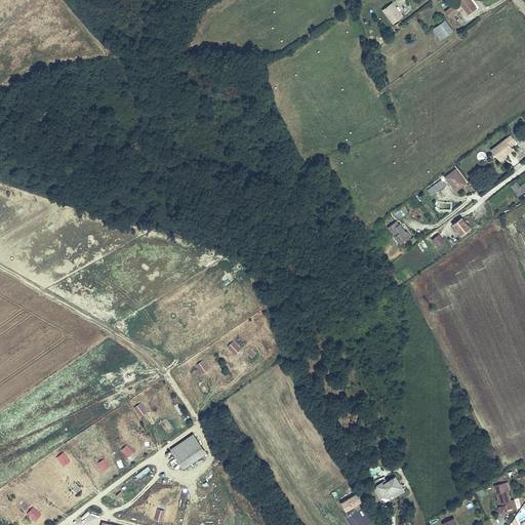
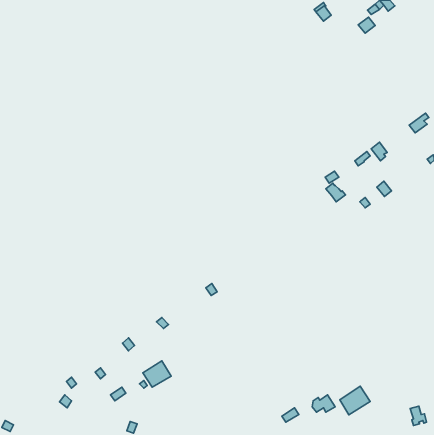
building: none -> [340,386,370,415]

